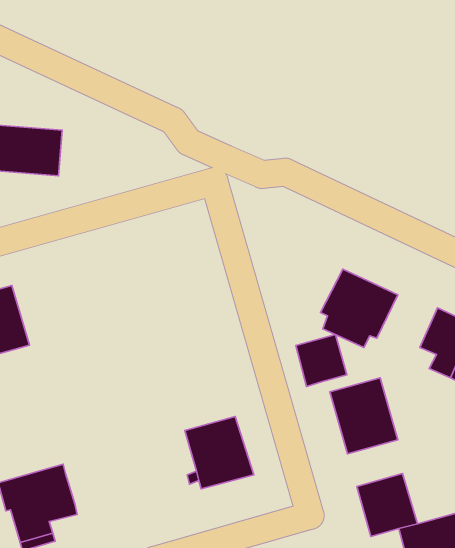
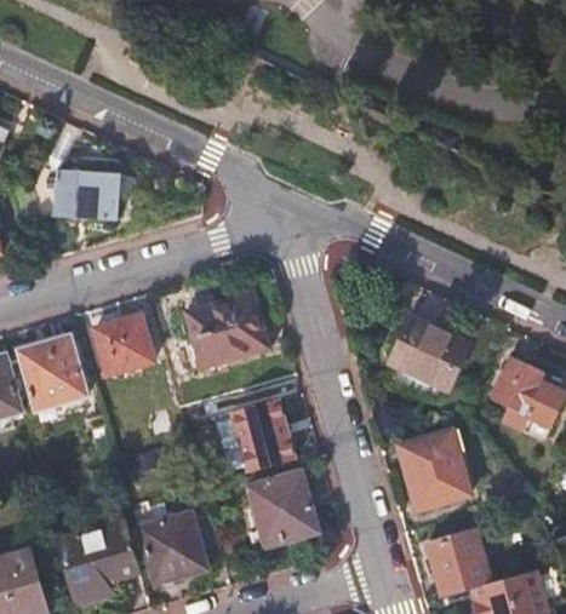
building: none -> [184,292,268,373]
building: none -> [93,314,153,374]
building: [296,335,347,386] -> none
building: none -> [229,400,296,471]
building: none -> [125,510,204,584]

